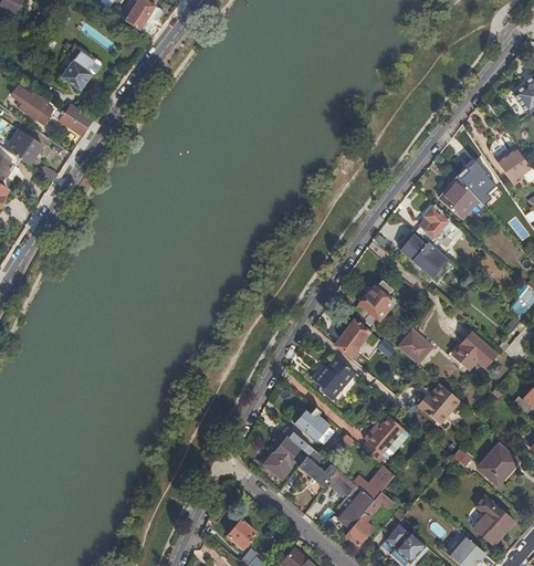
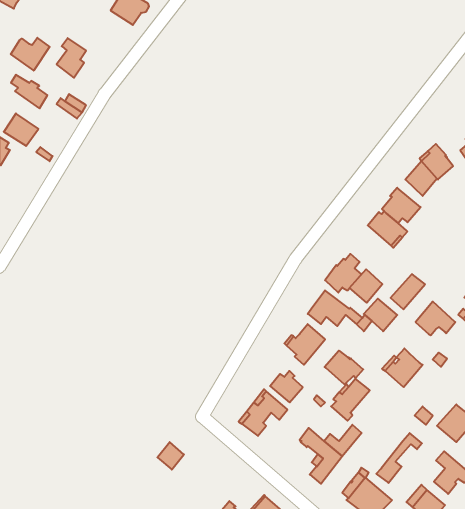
building: none -> [11,38,50,71]
building: none -> [350,269,382,303]
building: none -> [391,274,425,309]
building: none -> [325,351,363,385]
building: [300,450,337,488] -> none
building: [345,492,395,546] -> [376,433,422,483]
building: [228,520,256,549] -> [157,442,184,470]

